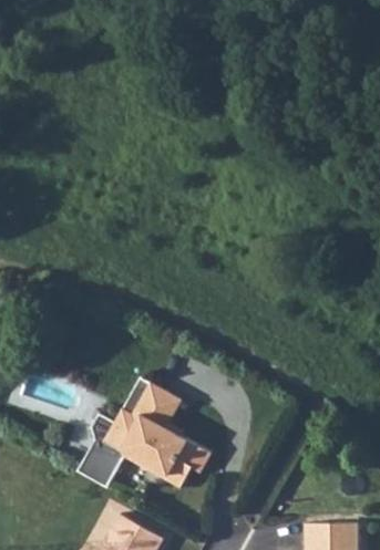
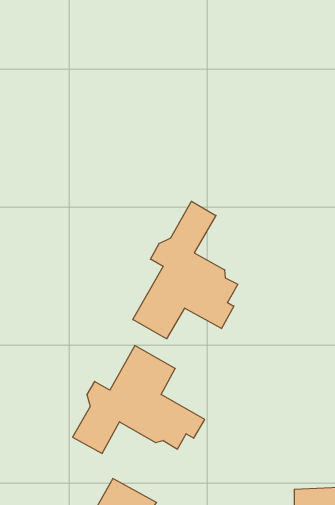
building: none -> [133,201,238,339]

